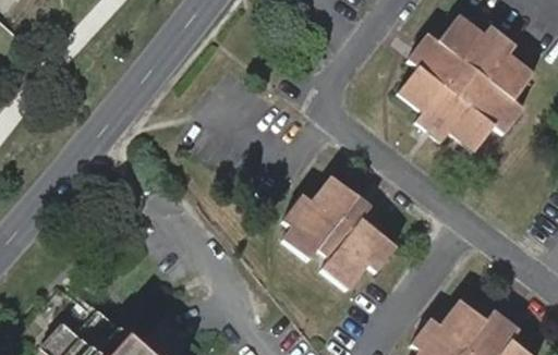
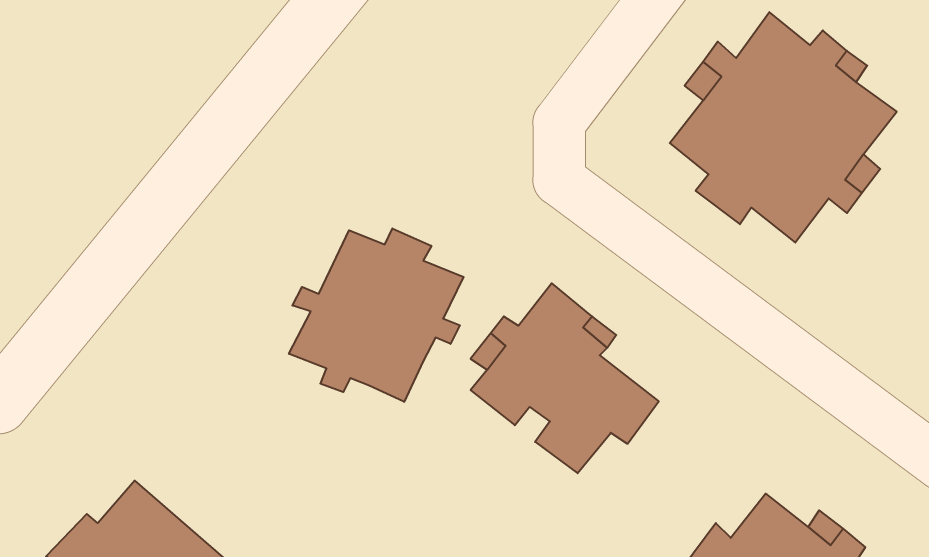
building: none -> [289,228,464,402]

